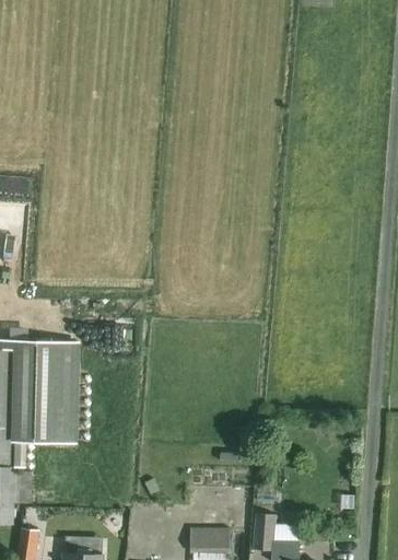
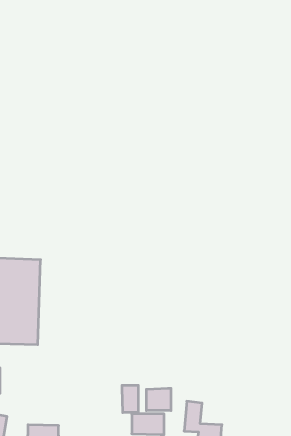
building: none -> [122,385,138,413]
building: none -> [146,388,171,411]

